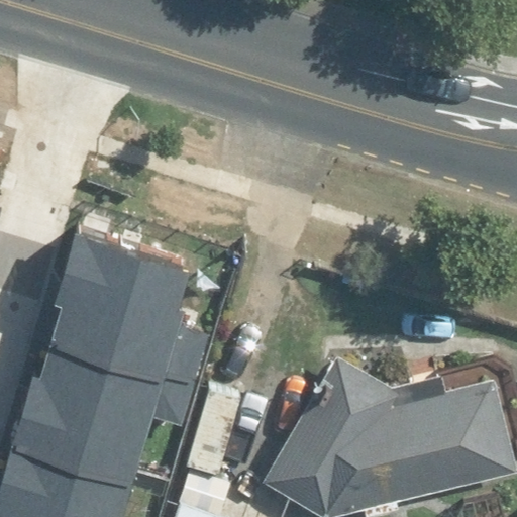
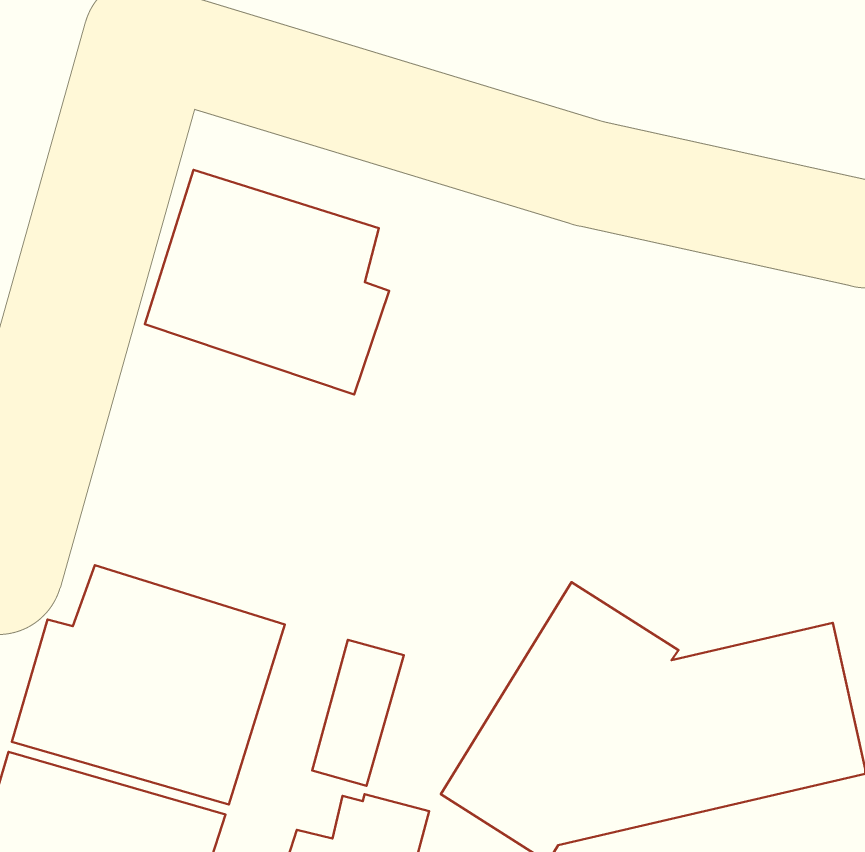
building: none -> [145,170,389,394]
building: [53,244,186,366] -> none

